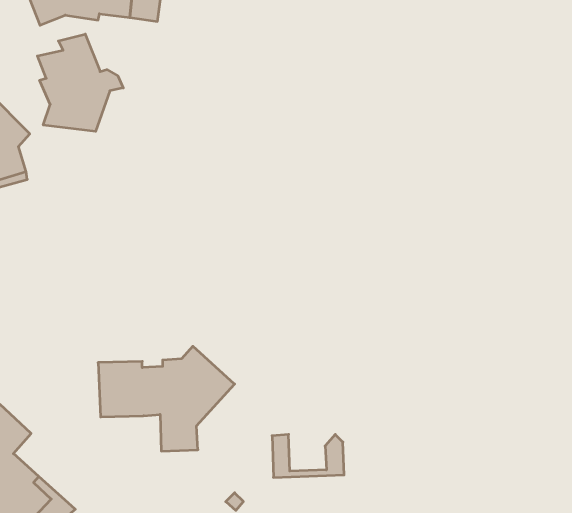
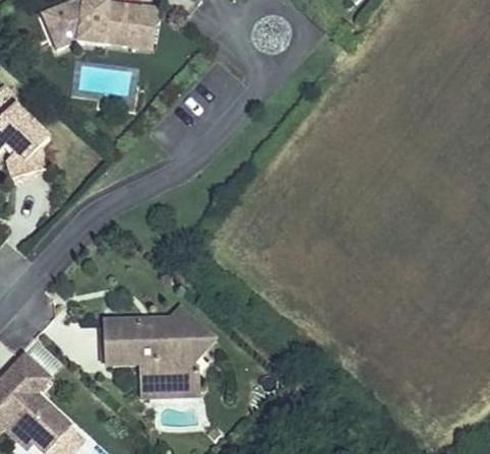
building: [37,34,123,131] -> none
building: [272,434,344,477] -> [139,361,197,395]

